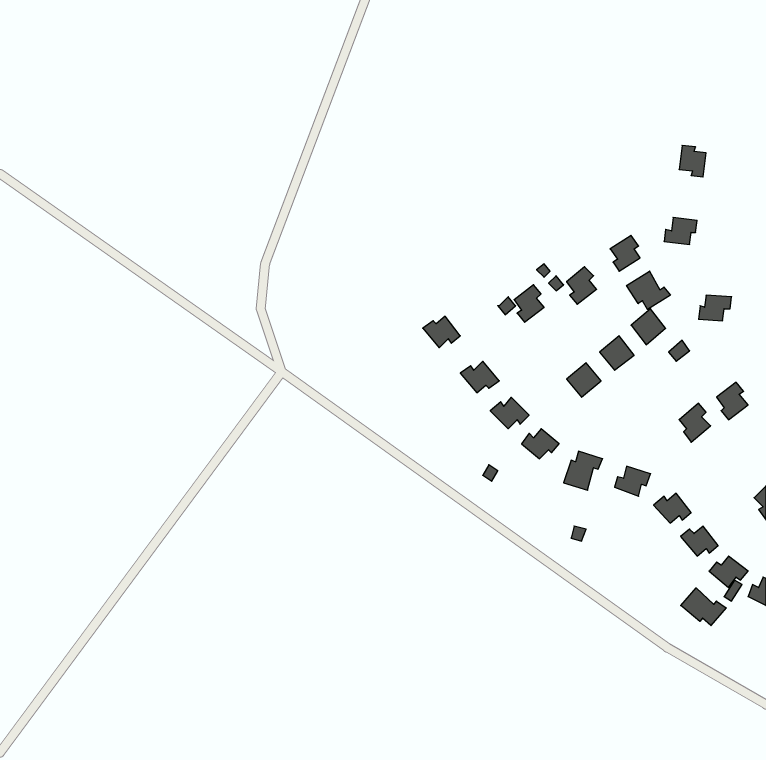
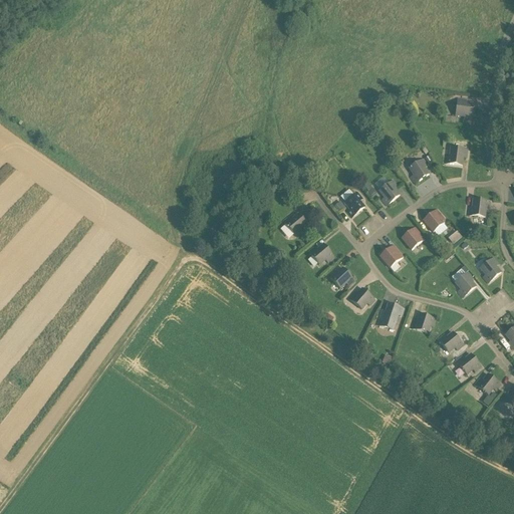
building: [627,271,670,309] -> none
building: [681,588,726,626] -> none

